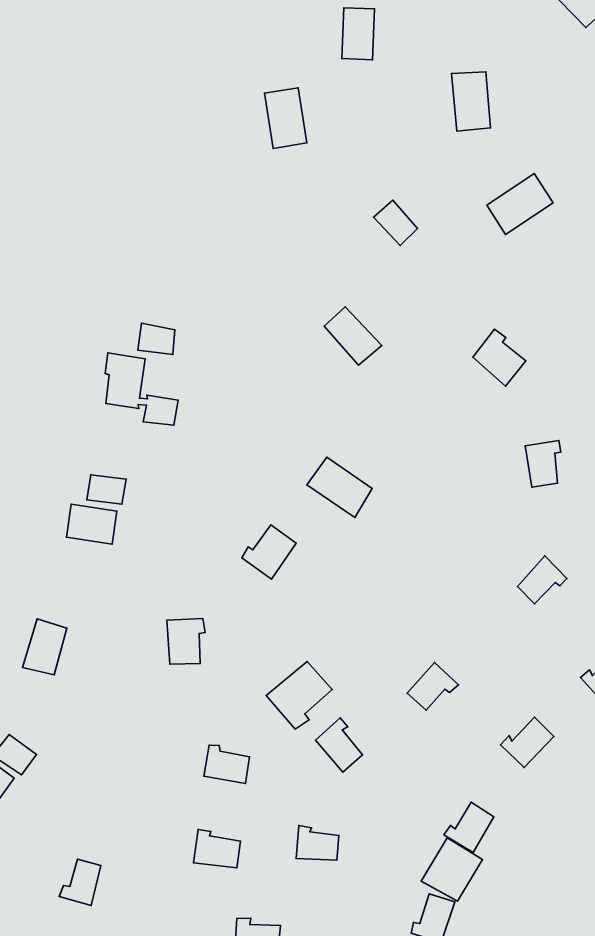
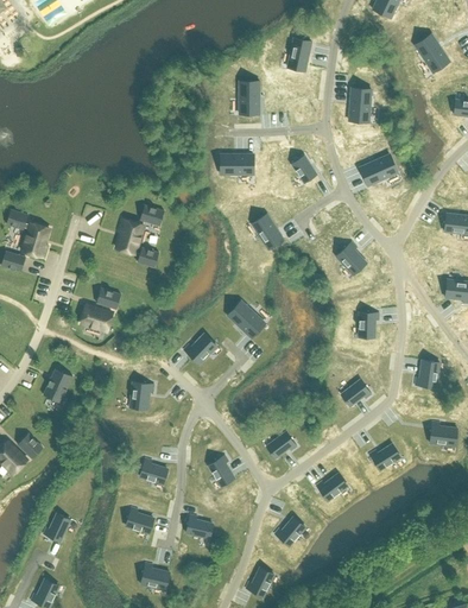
building: none -> [220,153,254,173]
building: [266,662,332,729] -> none
building: [421,838,483,901] -> none

